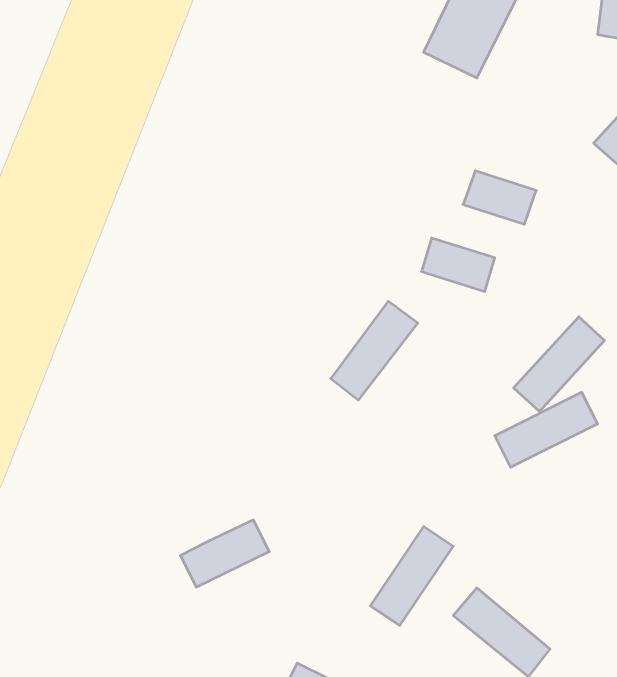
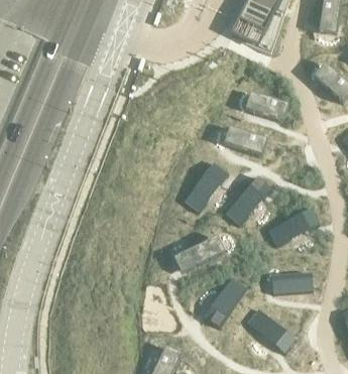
building: [514,317,605,412] -> [225,176,271,225]
building: none -> [271,272,313,293]
building: [180,520,269,587] -> [180,237,225,271]

